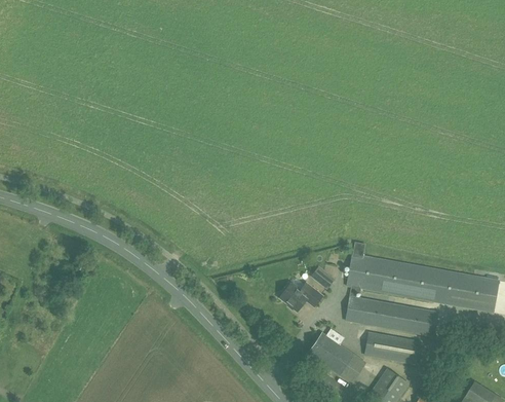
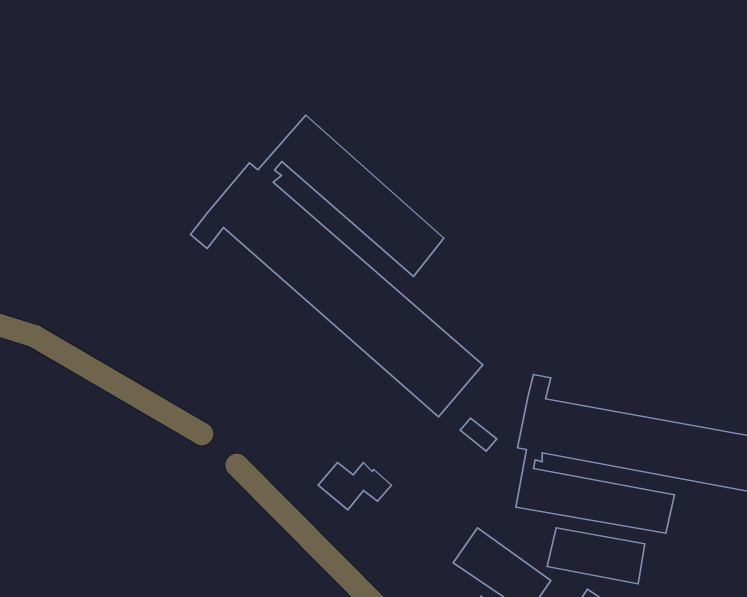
building: none -> [191,115,483,417]
building: [279,283,322,310] -> [318,463,391,510]

